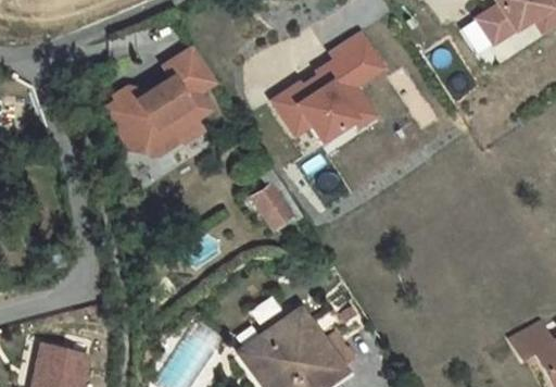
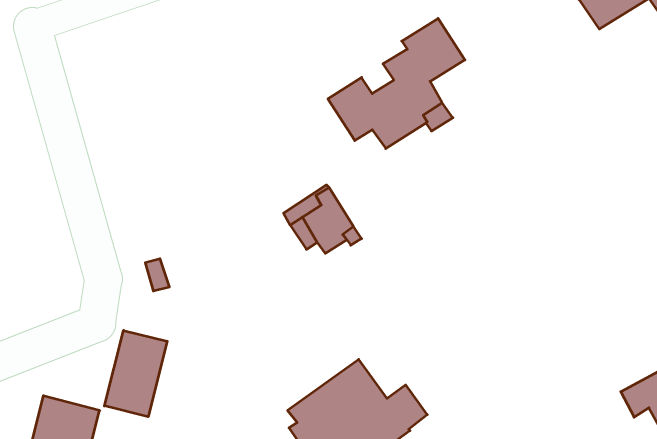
building: [105,48,217,155] -> none
building: none -> [104,330,167,417]

